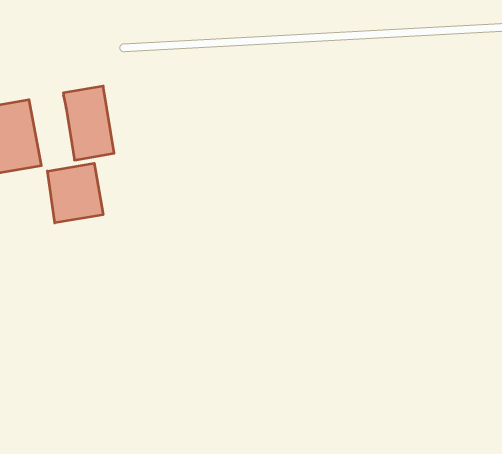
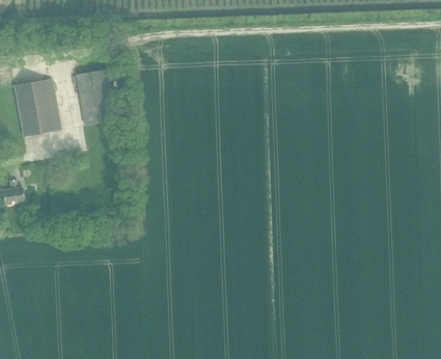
building: [47,163,103,223] -> none

